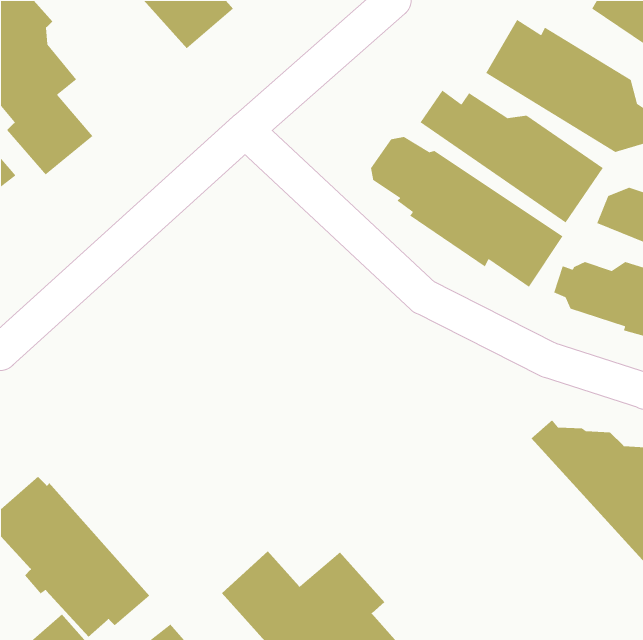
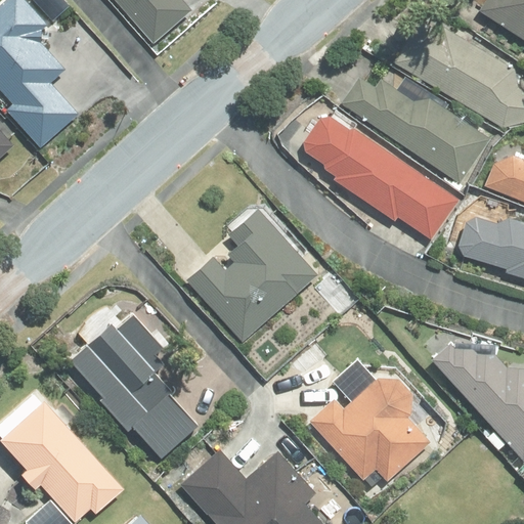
building: none -> [186,208,317,341]
building: none -> [72,314,198,457]
building: none -> [311,377,431,482]

